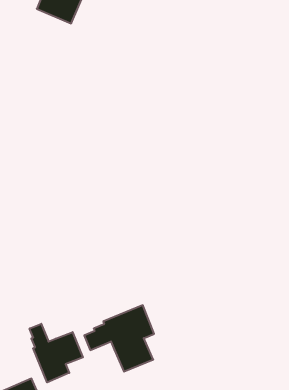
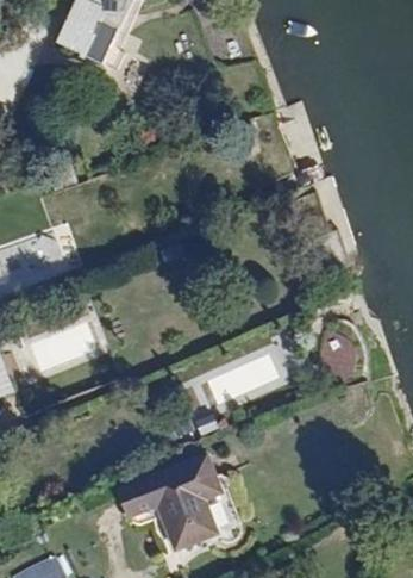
building: [30,324,83,382] -> none

